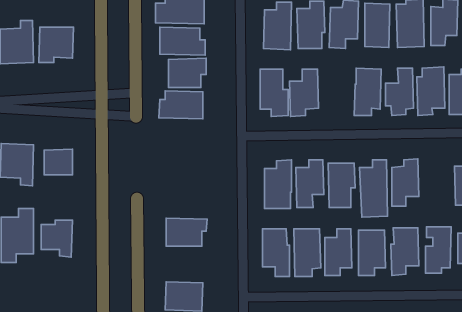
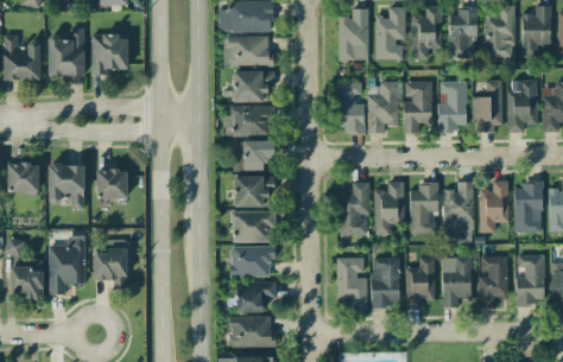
building: none -> [403,82,431,133]
building: none -> [232,140,274,171]
building: none -> [234,176,273,207]
building: none -> [513,184,542,231]
building: none -> [232,211,274,242]
building: none -> [235,280,276,312]

